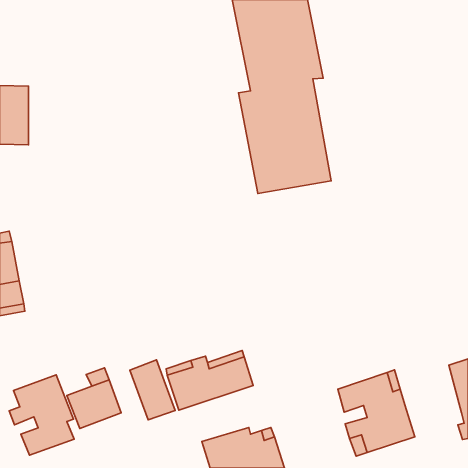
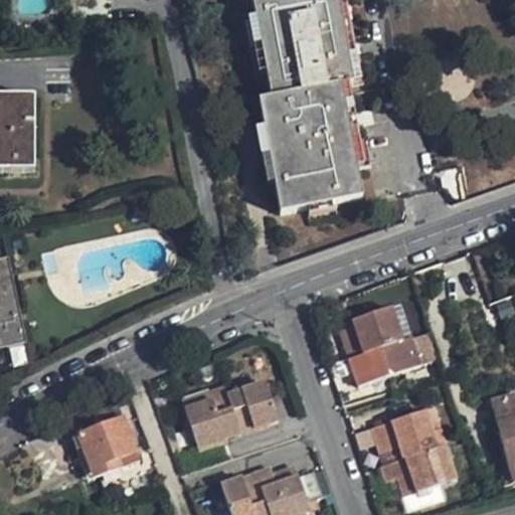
building: none -> [339,305,441,384]
building: [130,360,175,420] -> none
building: [9,375,74,455] -> none

